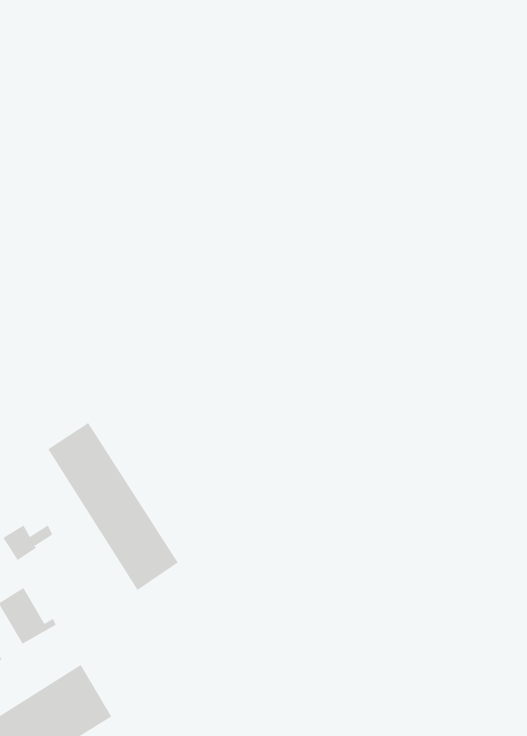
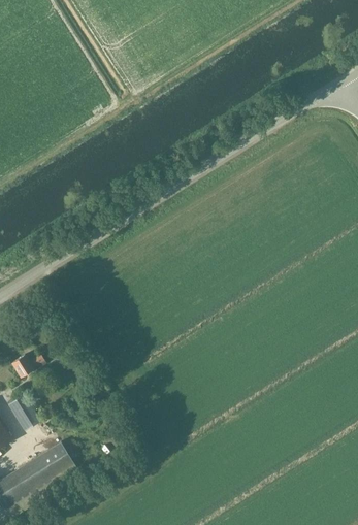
building: [47,422,179,591] -> none

